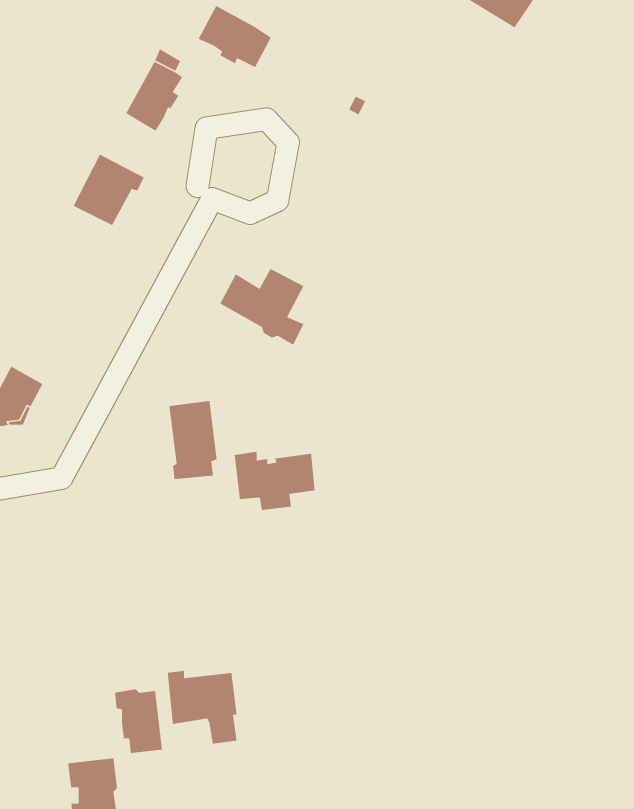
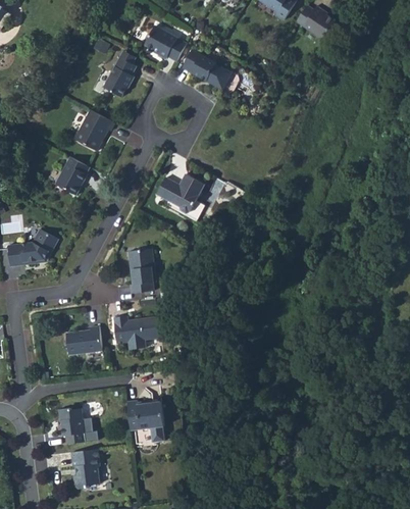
building: none -> [182,50,229,88]
building: none -> [55,157,89,195]
building: [234,451,315,511] -> [113,315,159,349]
building: none -> [65,325,101,355]
building: [114,688,163,754] -> [57,407,85,444]

